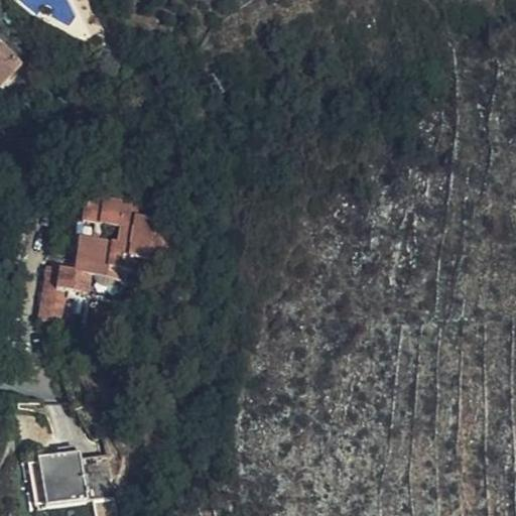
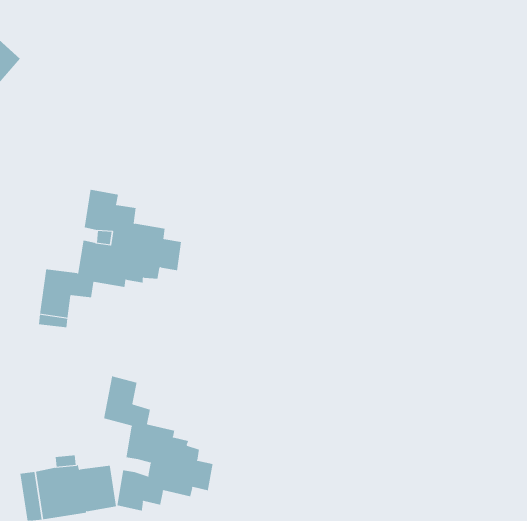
building: none -> [104,376,213,512]

